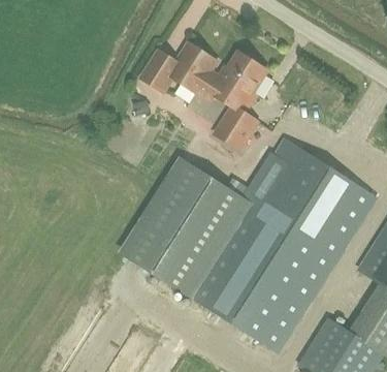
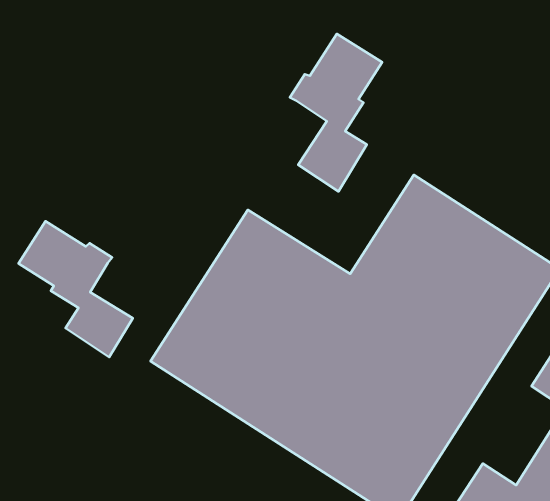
building: [140,43,219,100] -> none
building: none -> [19,221,133,357]

